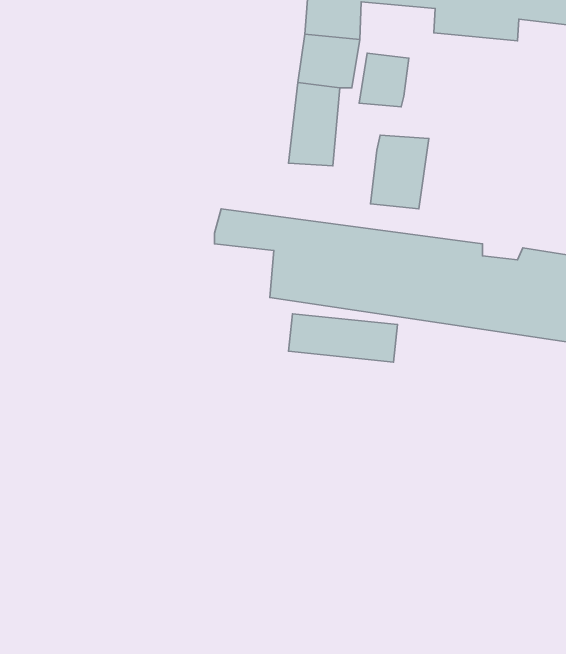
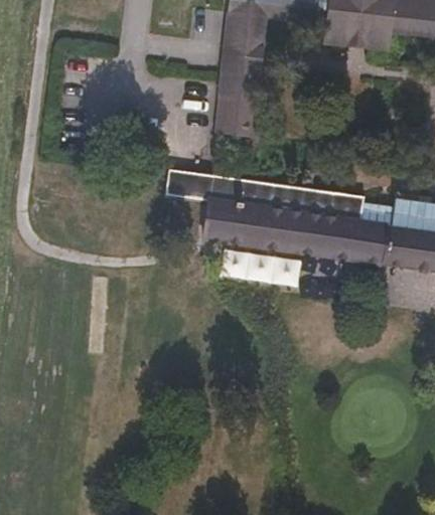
building: [359,53,409,107] -> none
building: [370,135,429,209] -> none

